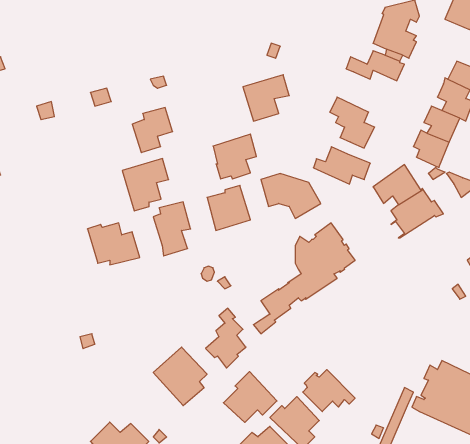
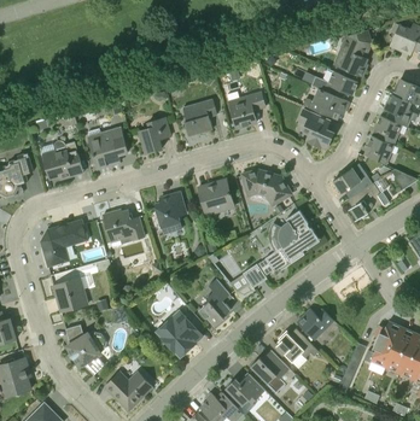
building: [213,134,256,179] -> [182,98,217,134]
building: none -> [42,140,82,180]
building: [313,147,370,184] -> [303,88,349,118]
building: [122,159,169,211] -> [88,127,126,169]
building: none -> [41,220,88,267]
building: none -> [53,277,88,312]
building: none -> [297,309,334,340]
building: none -> [66,324,105,375]
building: [223,372,277,422] -> none

